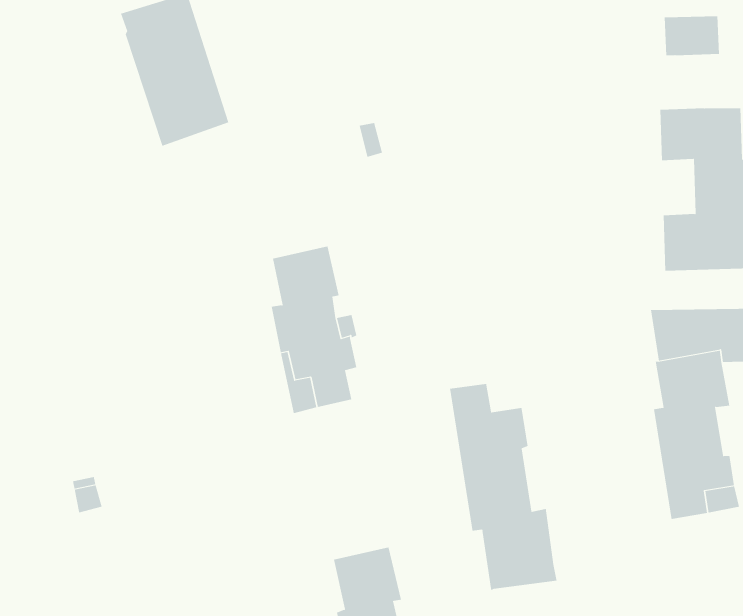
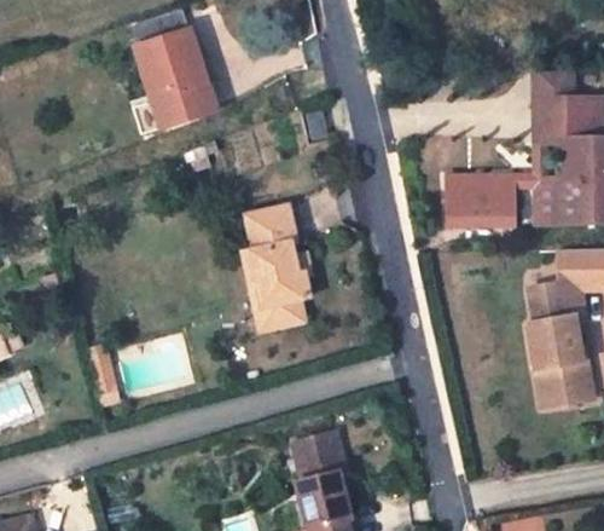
building: [664,16,720,56] -> [529,71,571,102]
building: none -> [446,179,517,226]
building: [449,383,557,591] -> none

